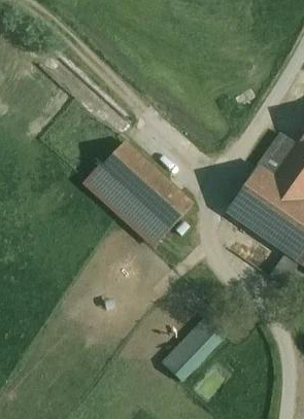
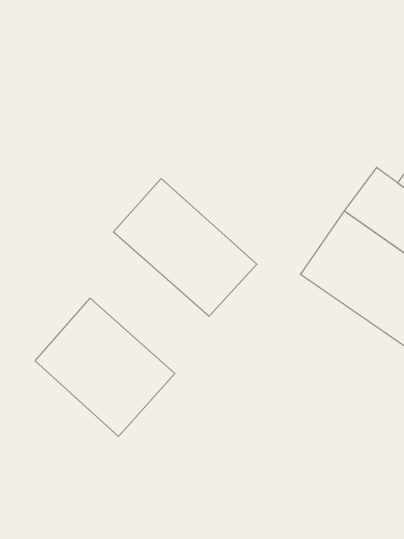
building: none -> [35,298,175,436]
building: [163,316,225,379] -> none

